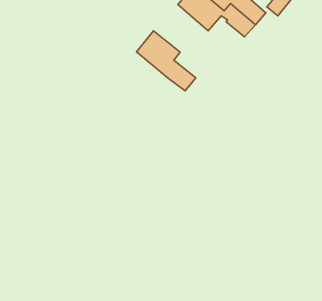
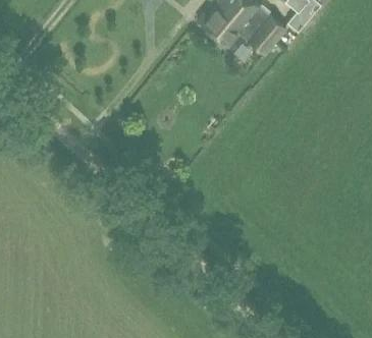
building: [137,31,196,91] -> none

